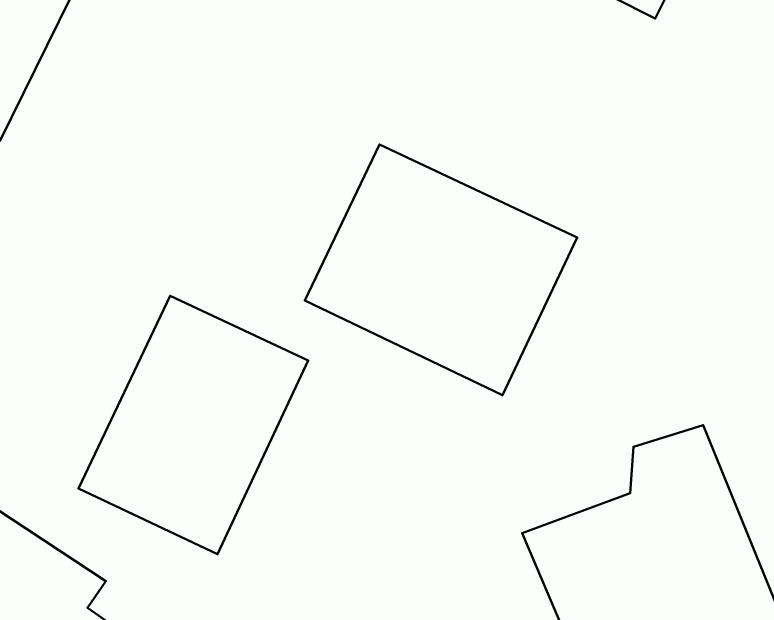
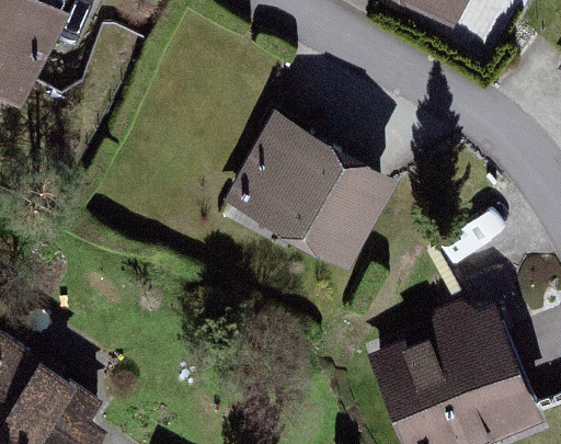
building: [78,296,308,554] -> none

